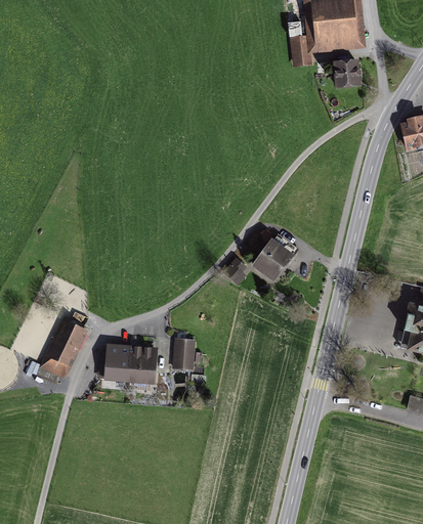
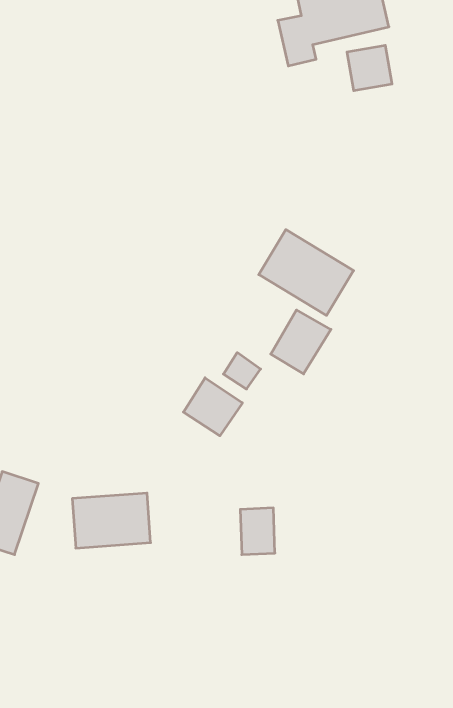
building: none -> [259,230,354,315]
building: none -> [183,378,242,436]
building: [171,336,197,368] -> [240,508,275,555]

